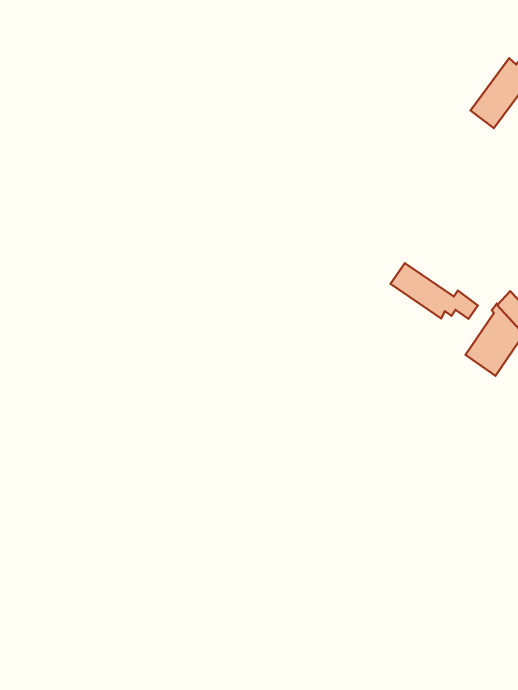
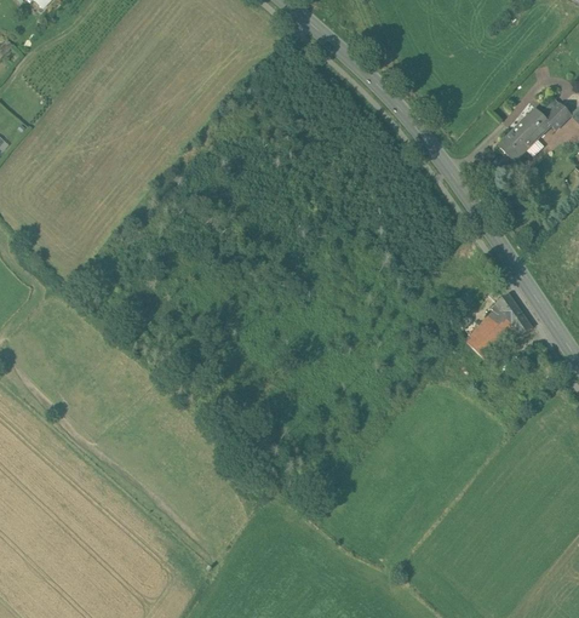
building: [391,263,478,319] -> none

